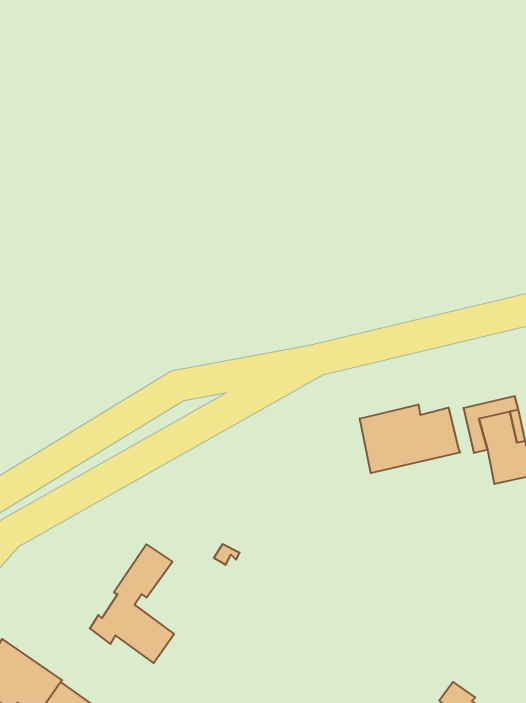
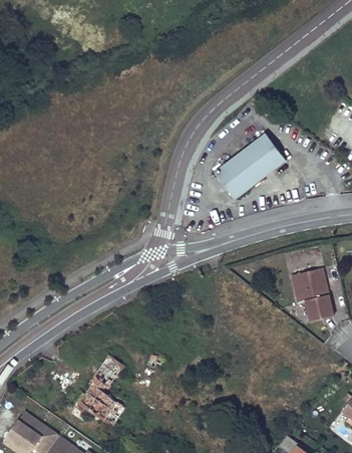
building: none -> [216,134,286,199]
building: [360,404,460,473] -> none

